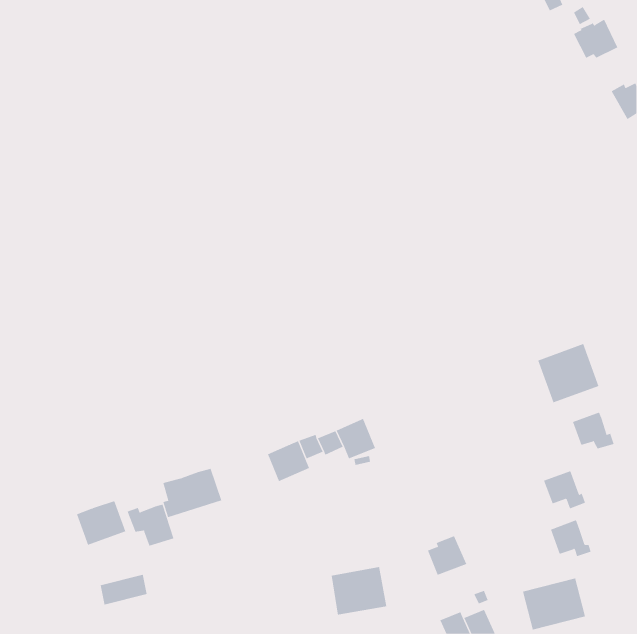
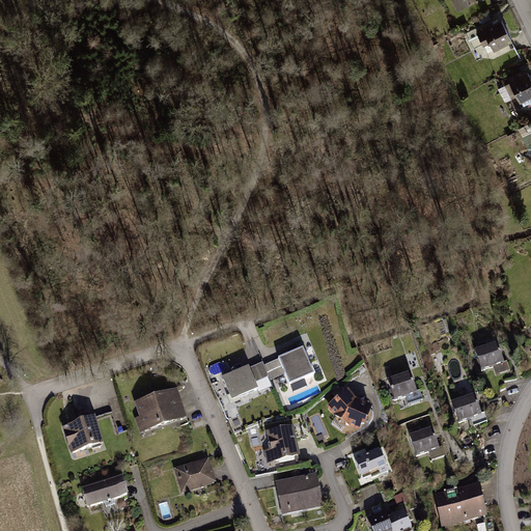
building: [537,343,599,403] -> none
building: none -> [387,372,422,403]
building: none -> [327,389,373,430]
building: [127,504,174,547] -> none
building: none -> [263,425,300,463]
building: [550,519,592,557] -> [409,424,443,455]
building: none -> [172,455,215,490]

